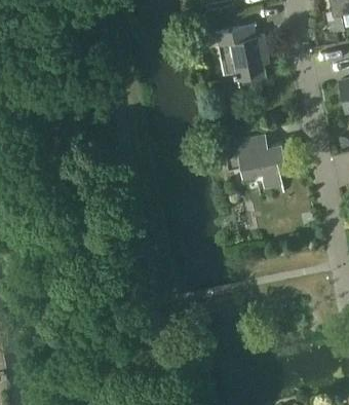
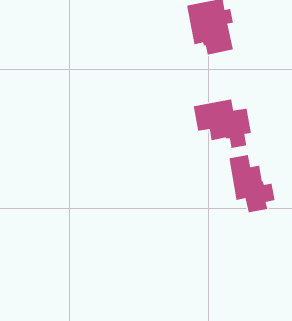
building: none -> [228,154,276,213]

